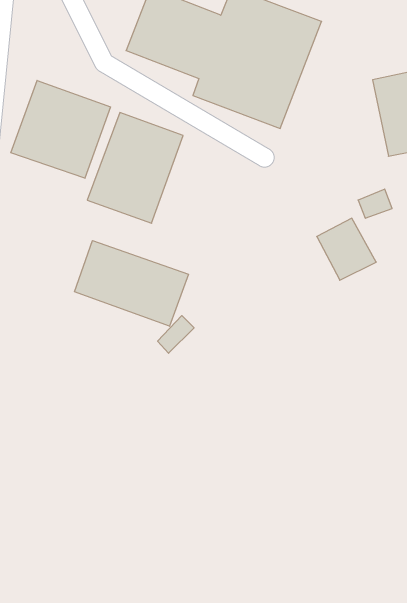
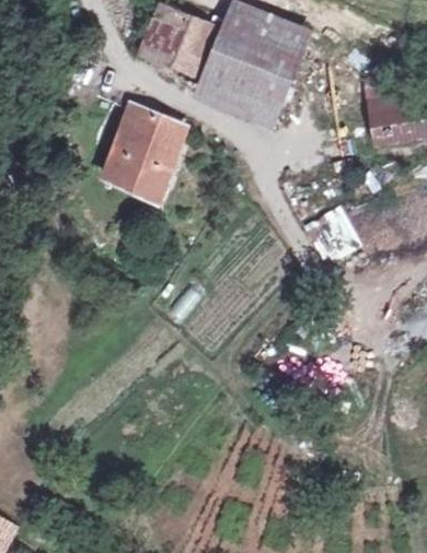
building: [11,80,110,178] -> none
building: [74,241,189,326] -> none

